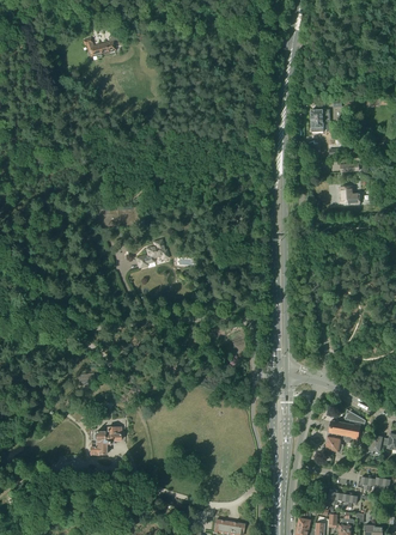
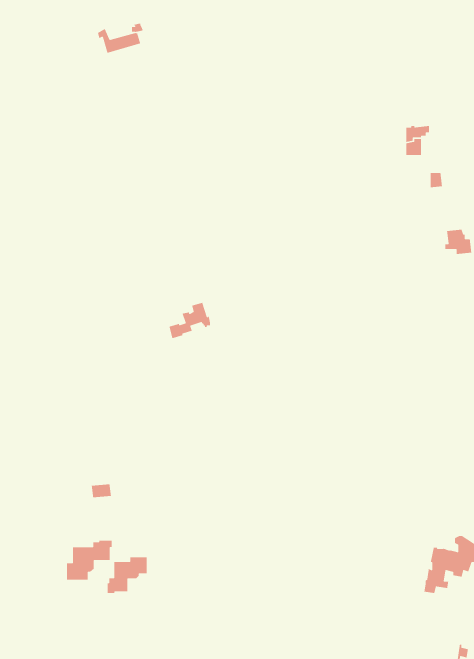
building: none -> [66,540,113,580]

